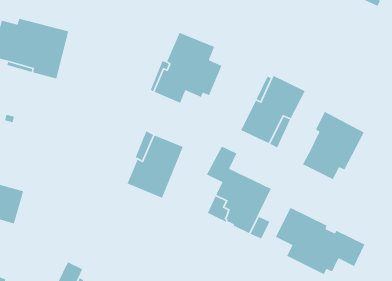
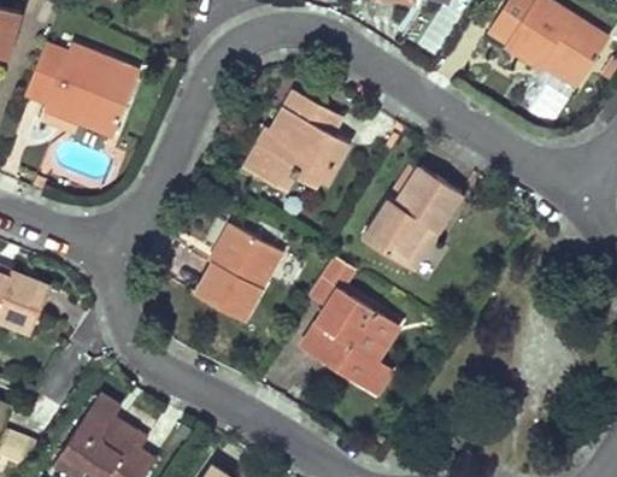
building: [302,111,365,180] -> none
building: [275,207,366,275] -> none

